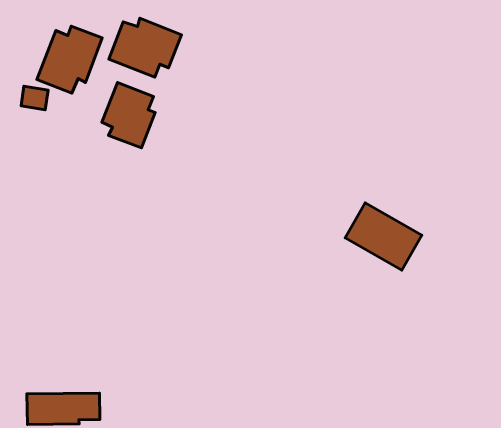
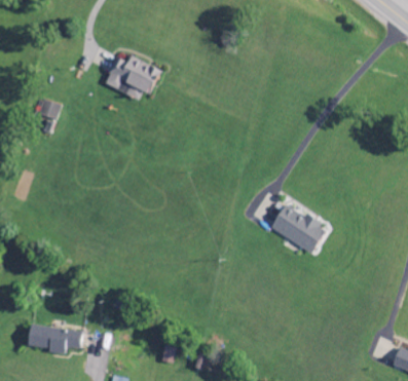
building: [37,26,102,93] -> none
building: [102,82,155,148] -> none

